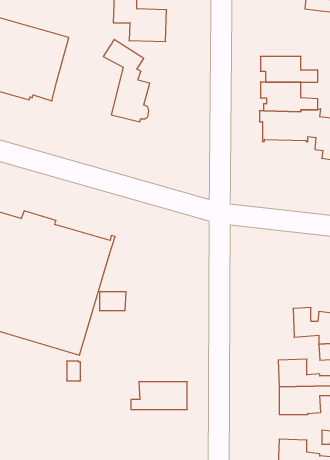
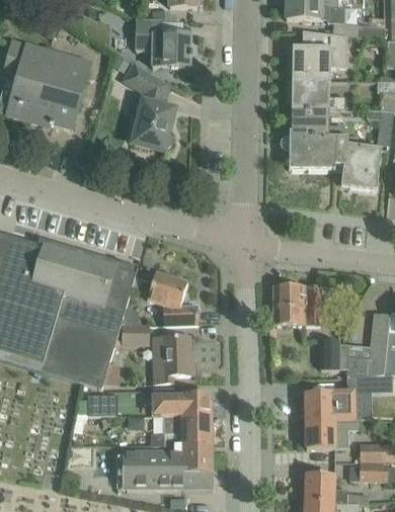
building: none -> [287,29,348,81]
building: none -> [148,271,199,324]
building: none -> [272,284,320,324]
building: none -> [153,334,191,380]
building: none -> [153,393,212,415]
building: none -> [123,442,213,486]

